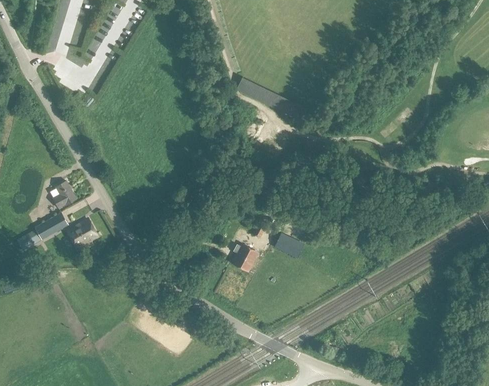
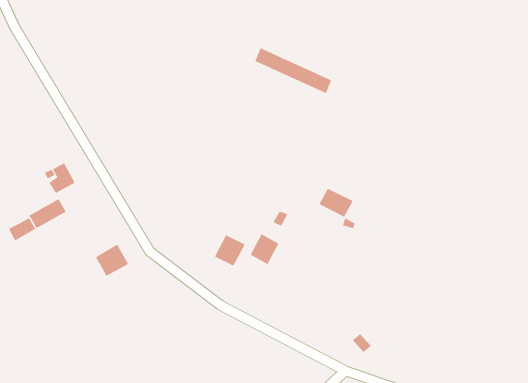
building: [68,219,98,248] -> [95,244,129,276]
building: [274,233,305,259] -> [319,188,353,218]
building: none -> [214,235,245,267]

